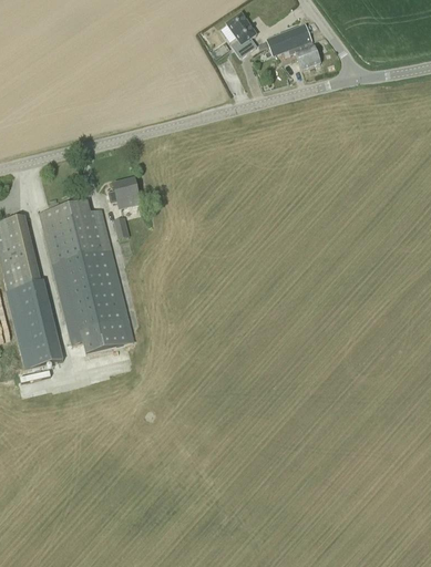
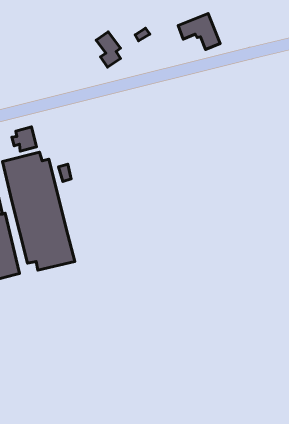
building: [225,11,256,56] -> [96,32,120,67]
building: [109,177,141,208] -> [12,127,37,151]

